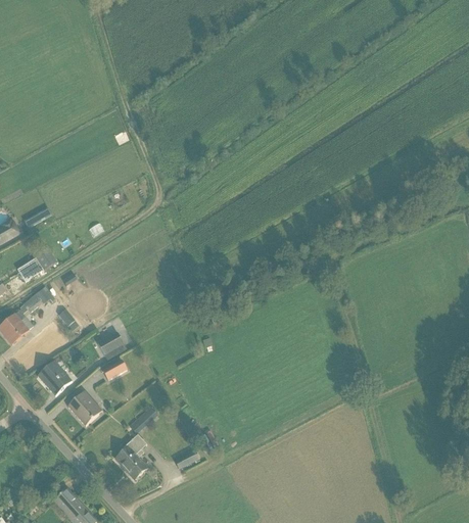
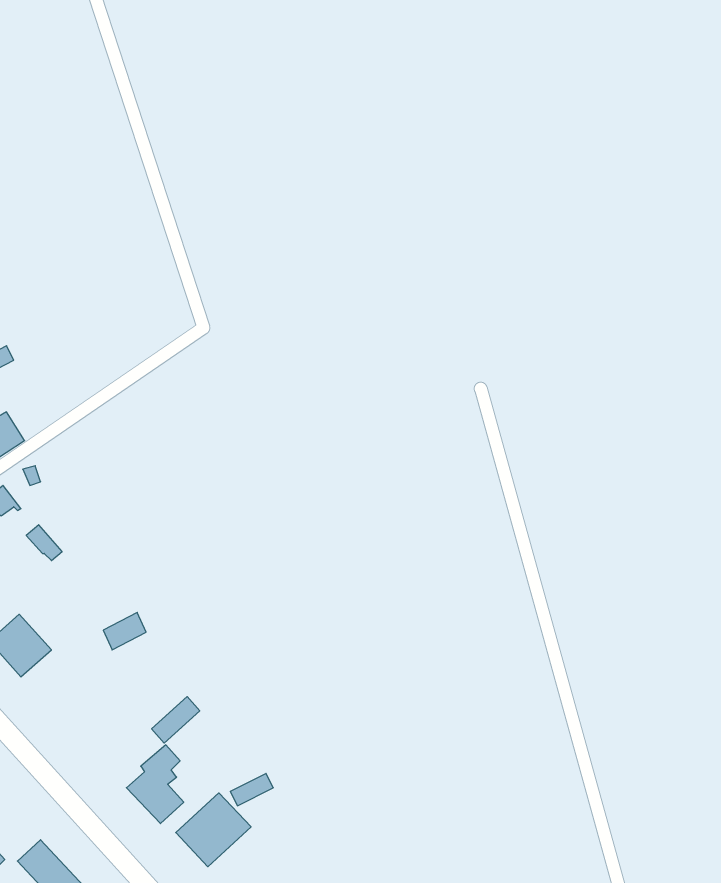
building: [97,331,126,360] -> none
building: [67,390,101,425] -> none
building: none -> [176,793,251,867]

